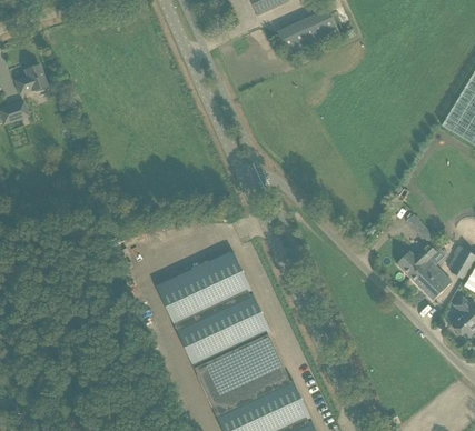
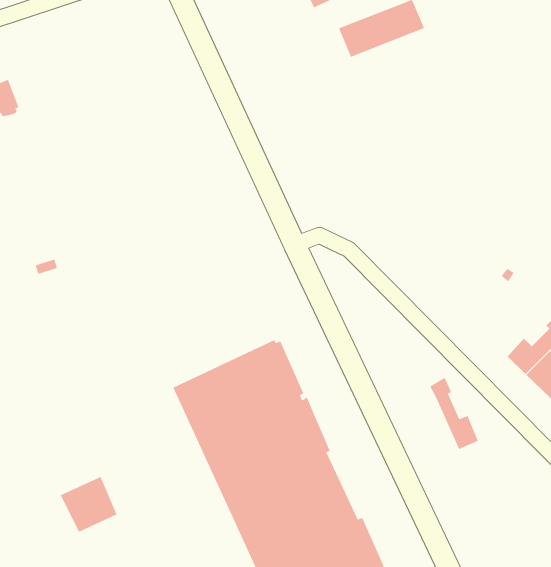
building: none -> [429,377,478,450]
building: none -> [60,476,117,532]

